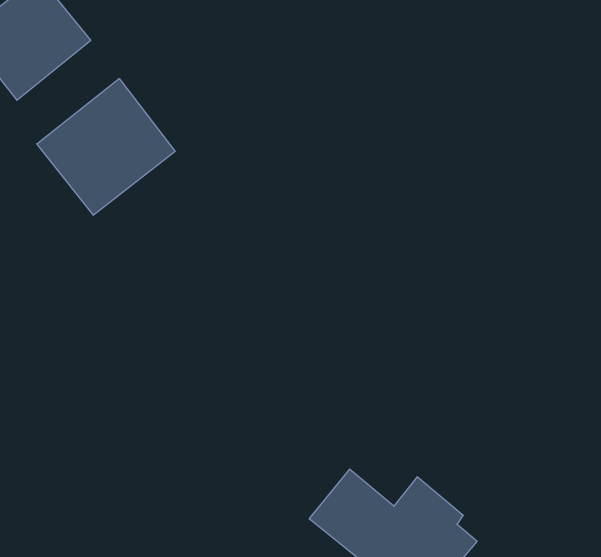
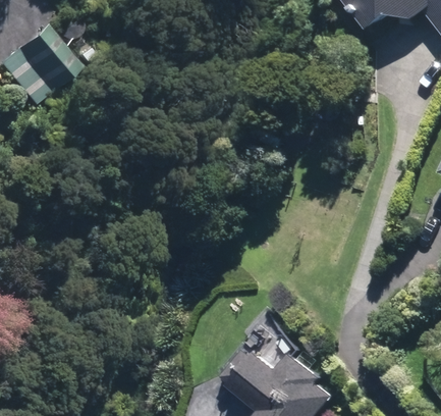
building: [37,79,175,215] -> none

